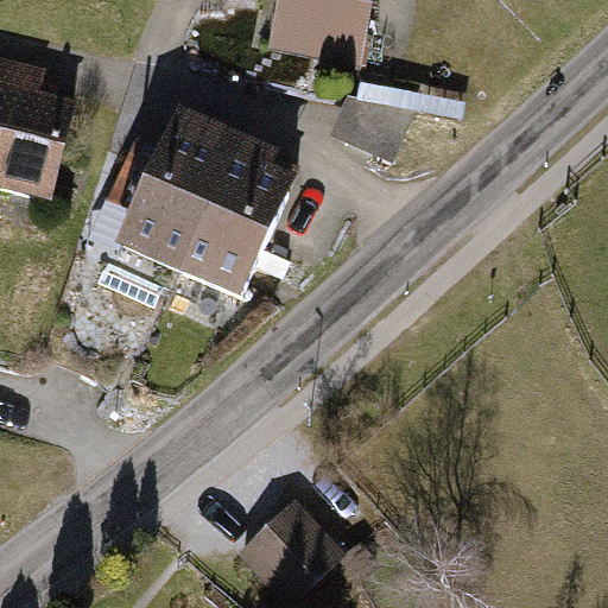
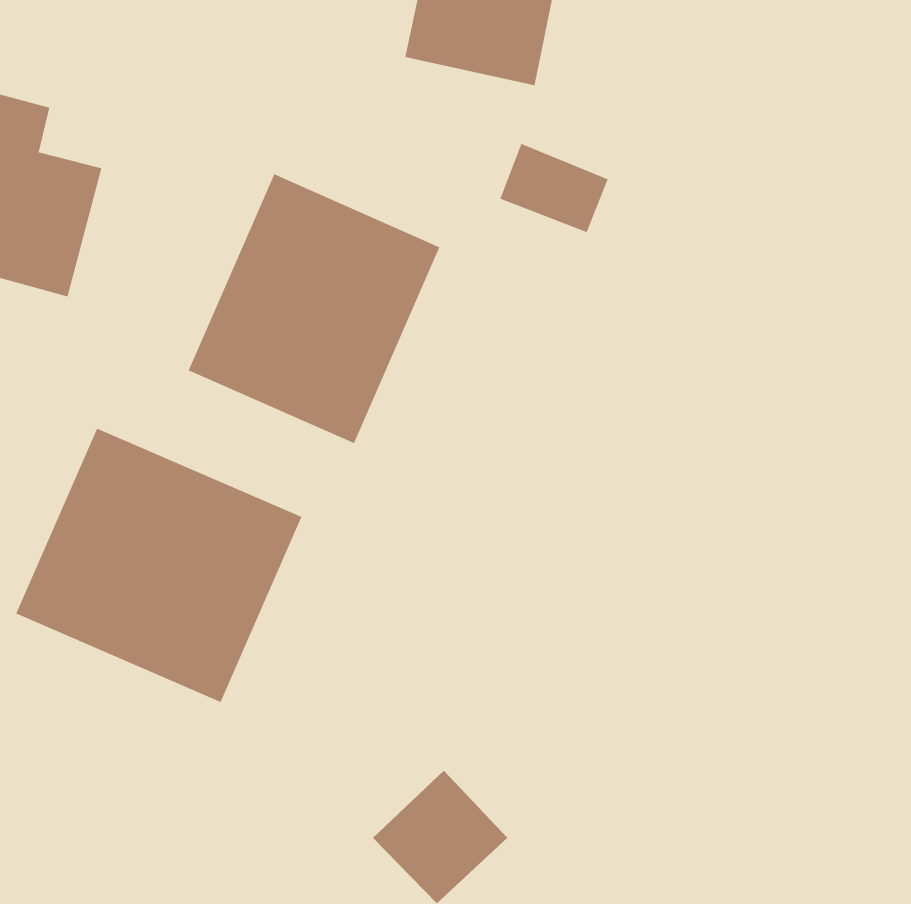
building: none -> [16,428,302,703]

